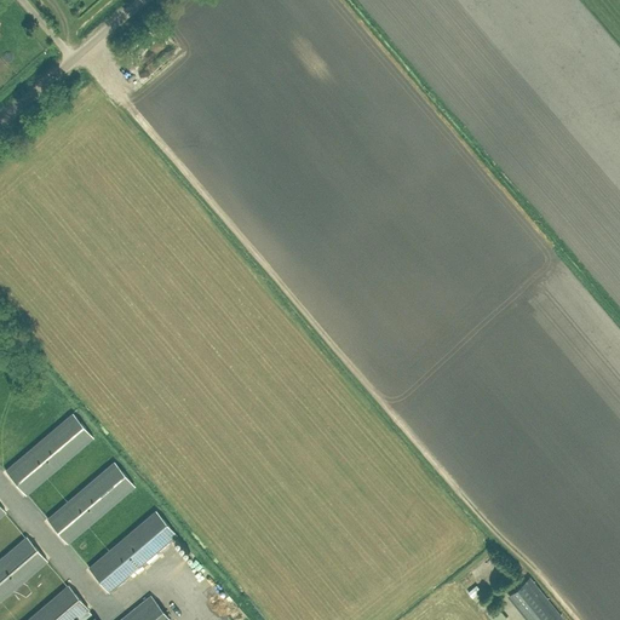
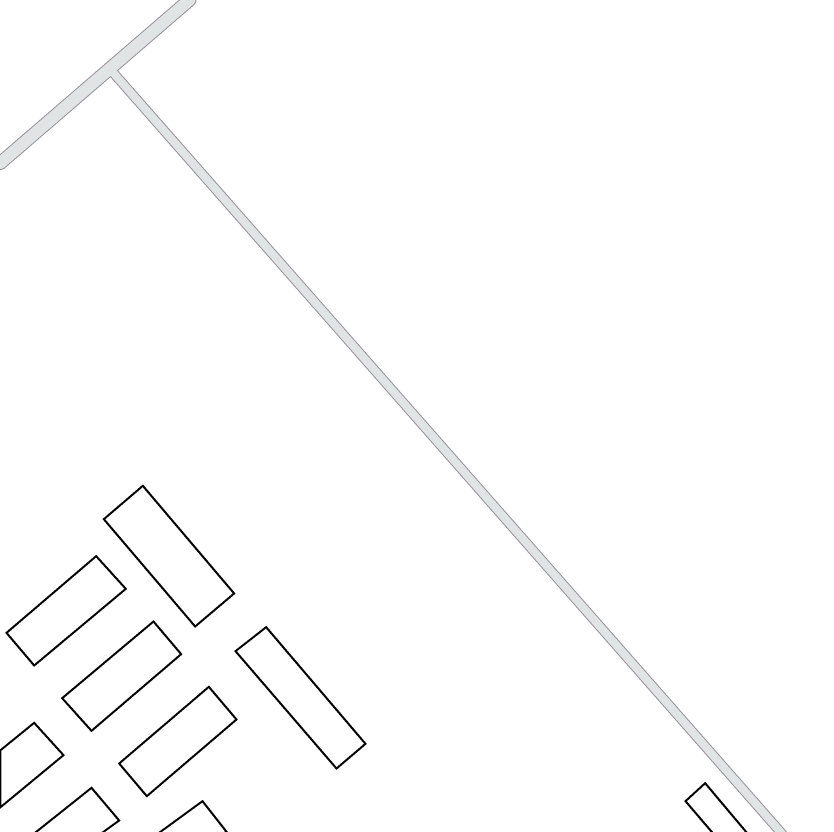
building: none -> [104,486,234,627]
building: none -> [235,627,366,768]

